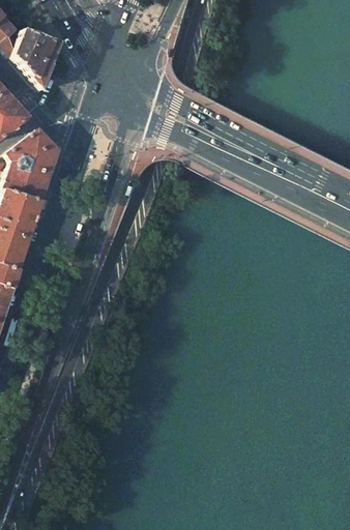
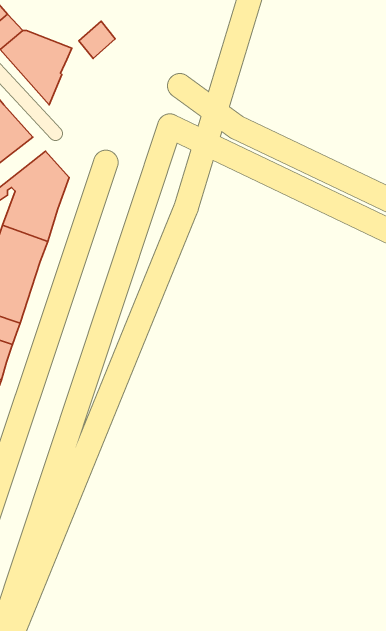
building: none -> [79,21,115,59]

